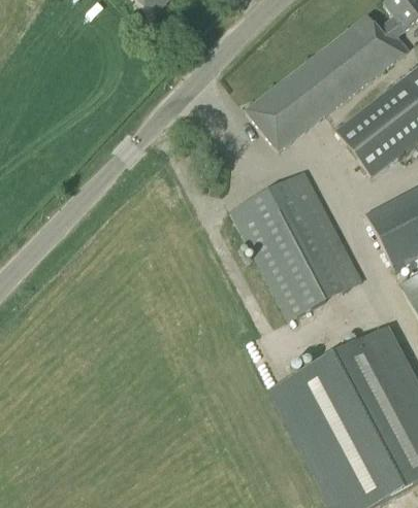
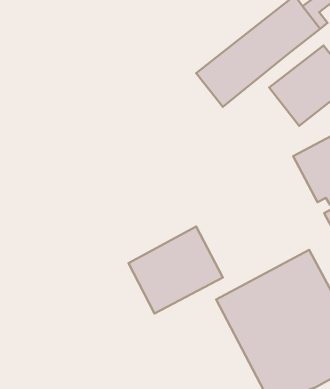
building: [231,170,363,318] -> none
building: none -> [129,227,223,313]

